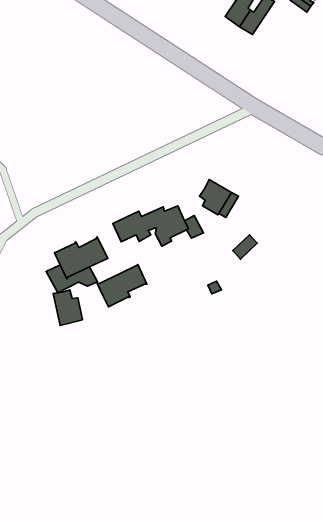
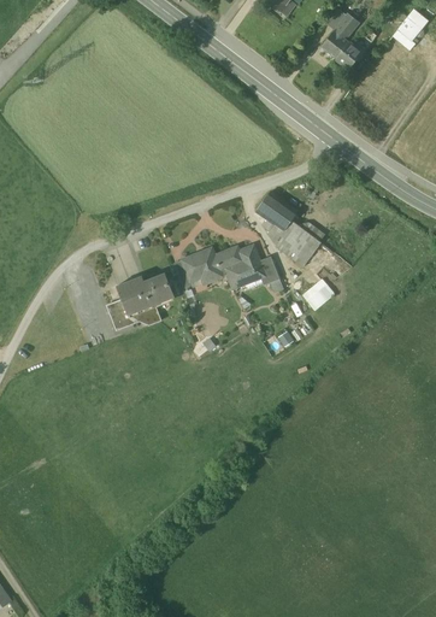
building: none -> [255,190,296,230]
building: [97,264,147,307] -> none
building: [53,290,83,325] -> none

